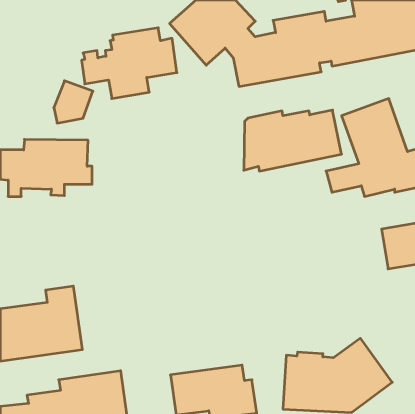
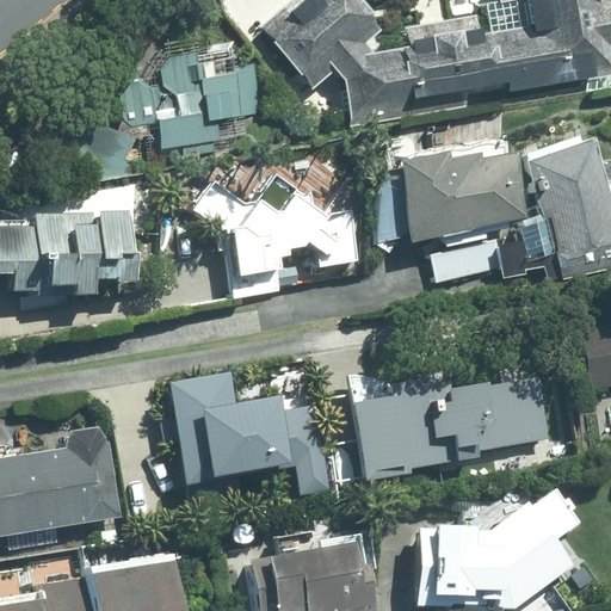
building: none -> [195,168,358,296]
building: none -> [173,372,328,493]
building: none -> [352,375,553,477]

